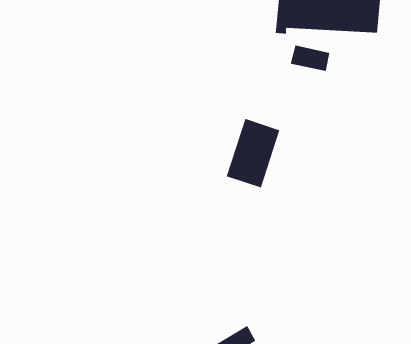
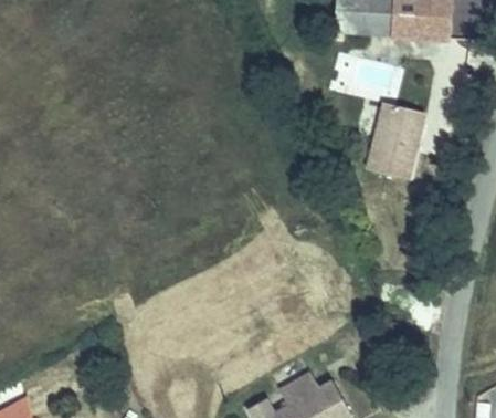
building: [226,118,280,188] -> [365,101,425,179]

